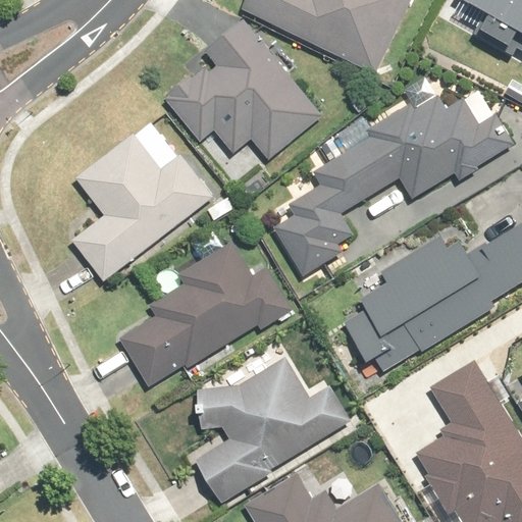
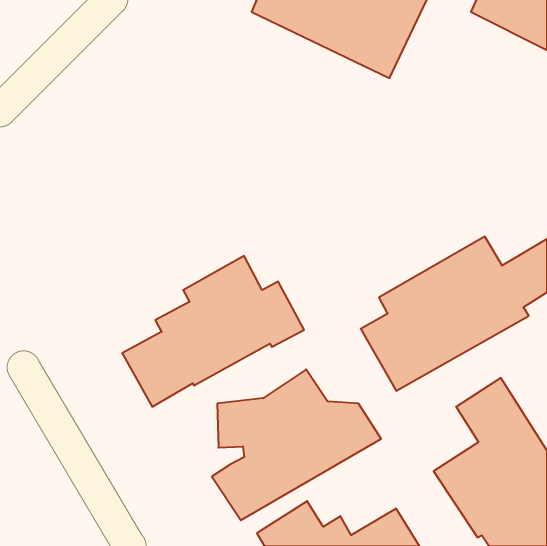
building: [163,20,319,161] -> none
building: [272,94,515,279] -> none
building: [68,135,216,282] -> none

